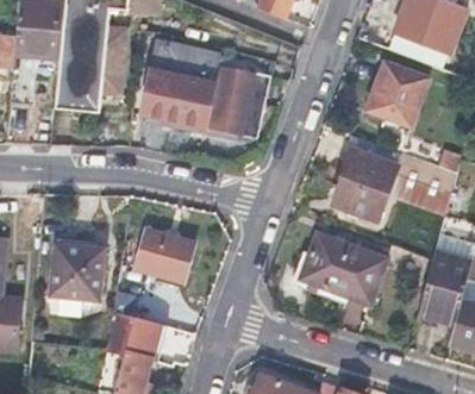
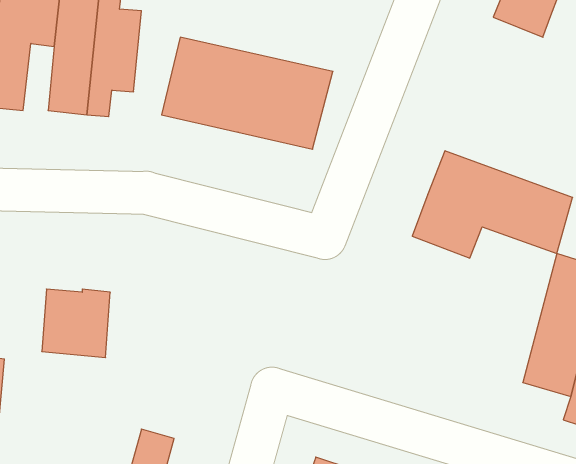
building: [367,63,427,127] -> none
building: [137,227,194,279] -> none
building: [300,232,386,307] -> none
building: [108,311,167,359] -> none

